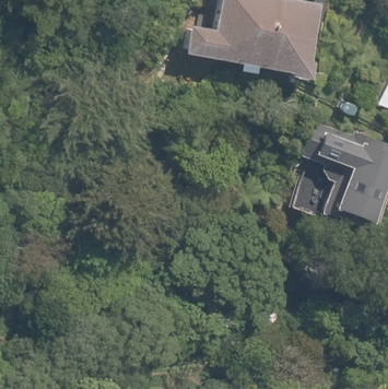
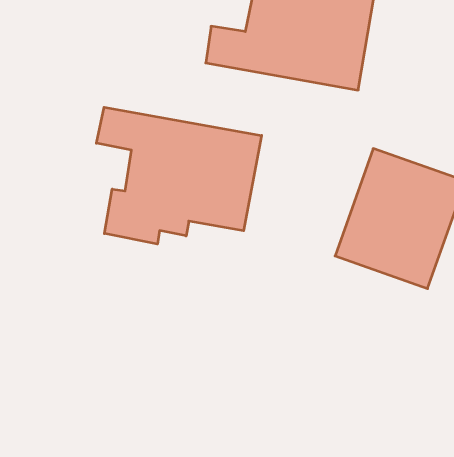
building: none -> [96,107,262,244]

